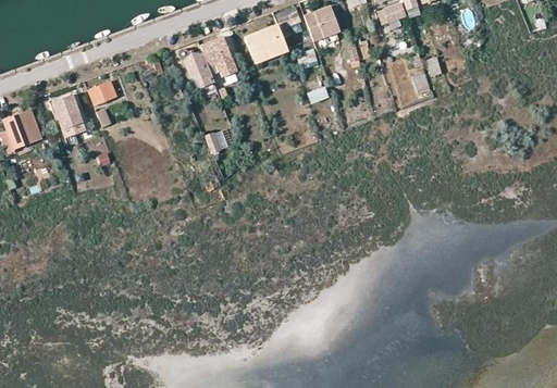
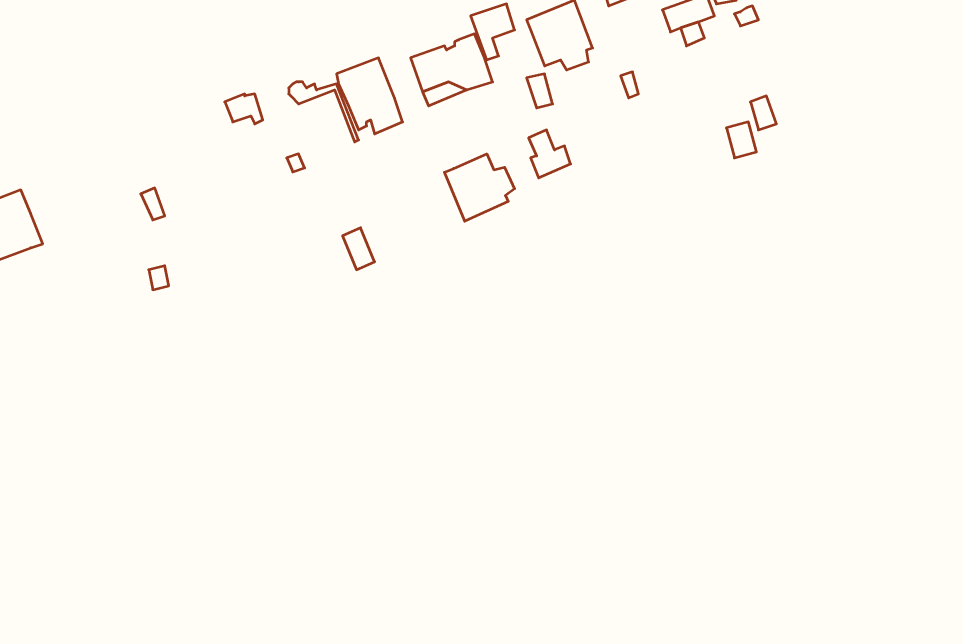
building: [181,54,211,88] -> none
building: [87,80,115,105] -> none
building: none -> [444,154,515,221]
building: [51,93,85,136] -> none

